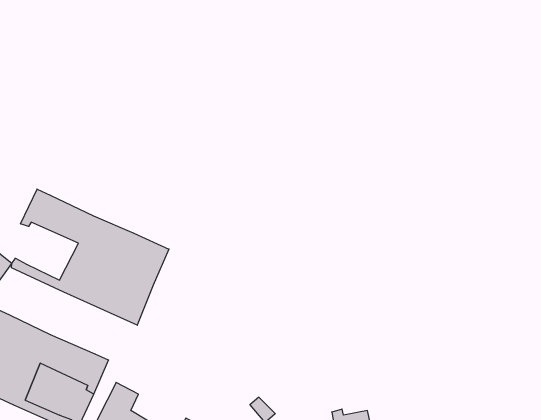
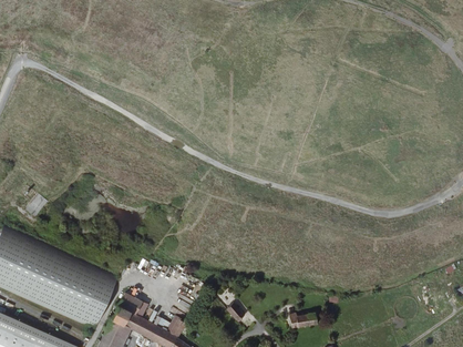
building: [12,189,169,325] -> none

